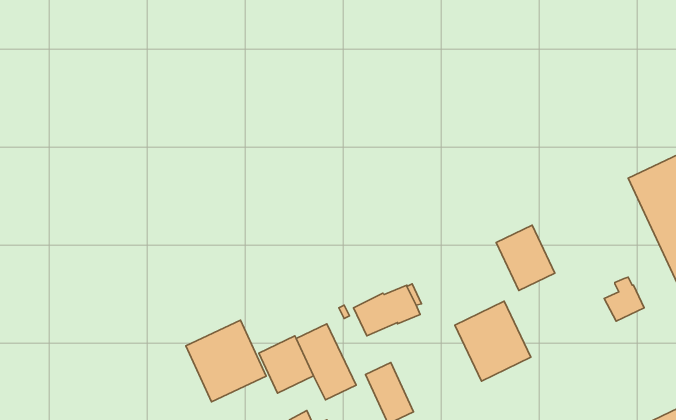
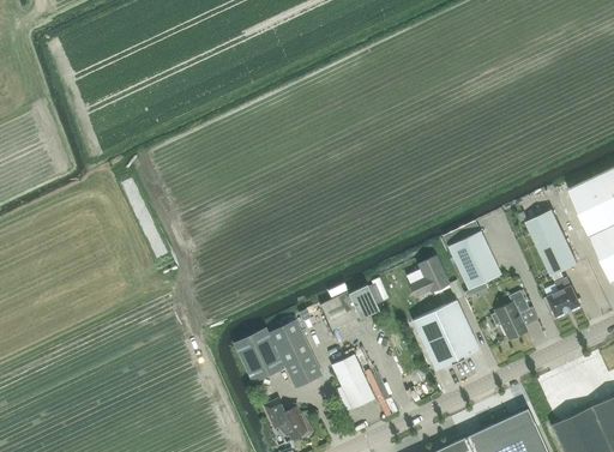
building: none -> [526,211,578,283]
building: none -> [405,257,449,297]
building: none -> [490,291,529,340]
building: [186,320,266,402] -> none

